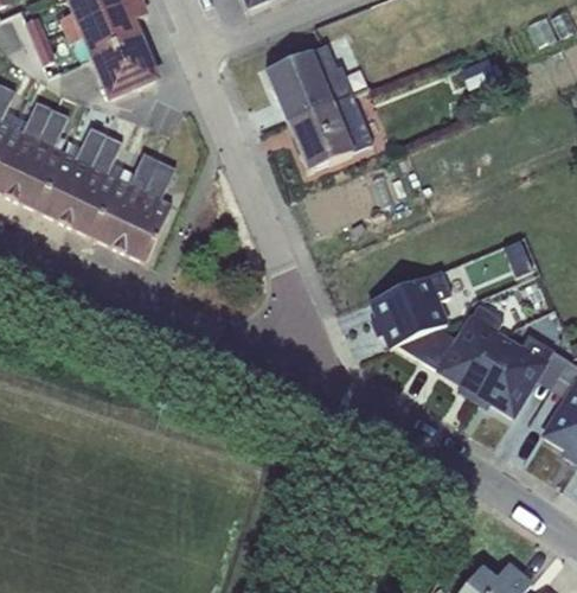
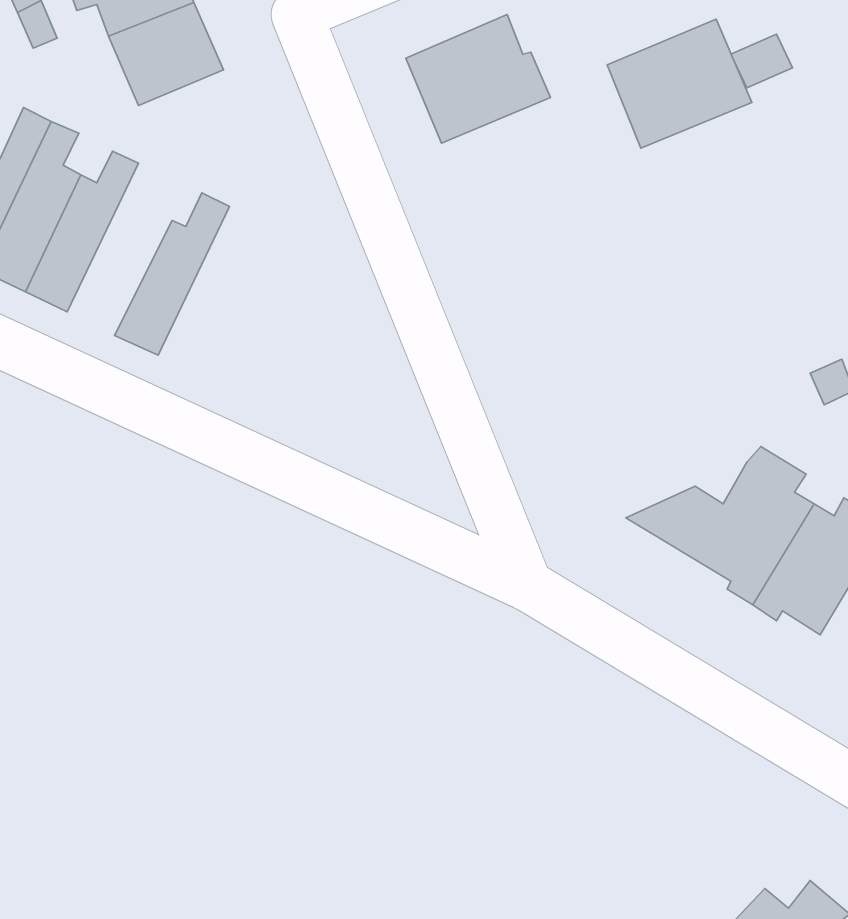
building: [287,94,373,171] -> [607,19,752,148]
building: [63,133,126,236] -> none
building: [117,159,175,262] -> none
building: [368,270,451,347] -> none

